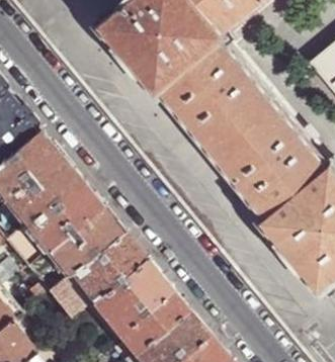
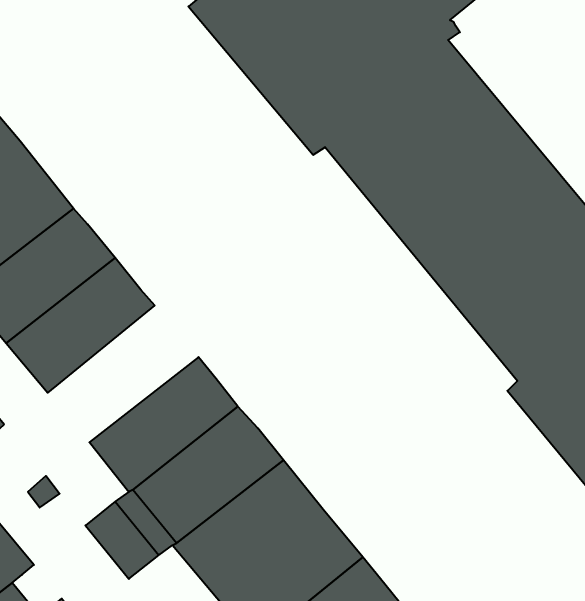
building: [25,178,102,248] -> none

